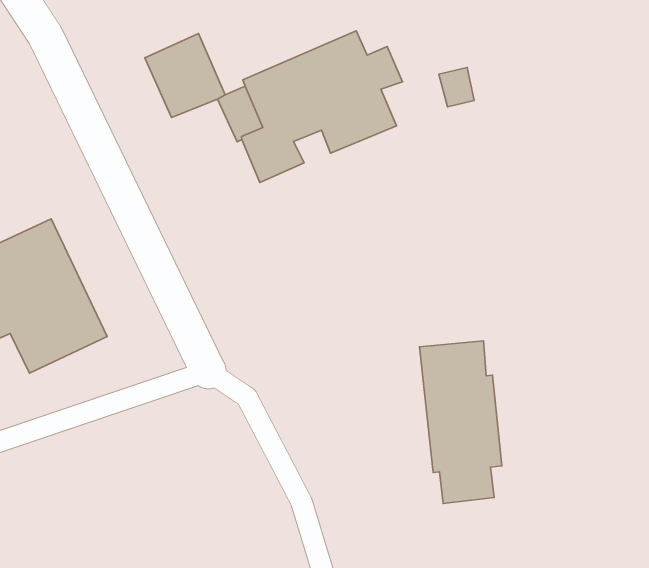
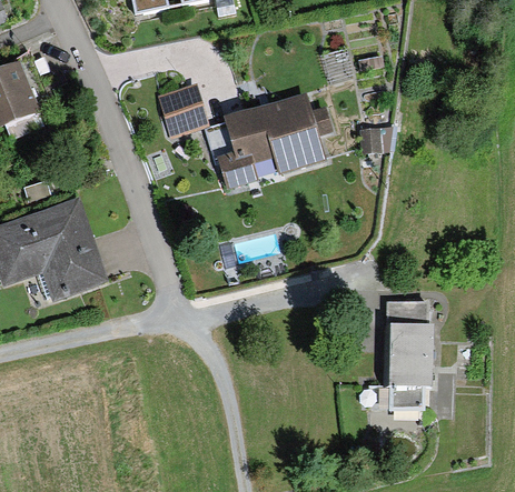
building: [420,341,502,504] -> [385,300,434,410]

